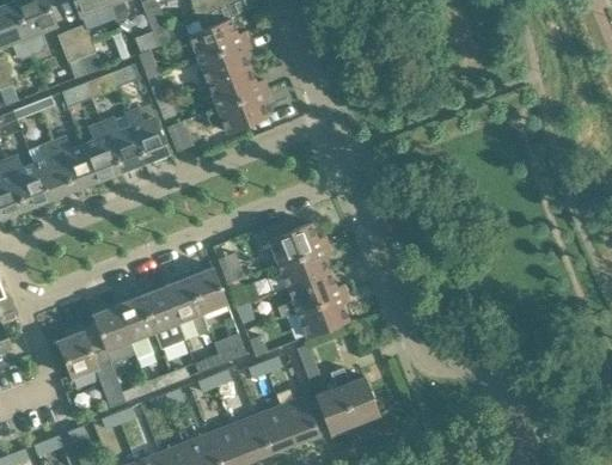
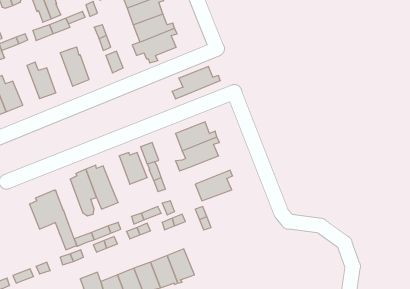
building: [124,109,169,161] -> none
building: [82,123,120,181] -> none
building: [33,141,72,198] -> none
building: [164,271,210,335] -> none
building: [277,271,347,318] -> [172,66,220,99]
building: [90,304,134,362] -> none
building: [314,367,379,438] -> none
building: [280,396,320,442] -> none

